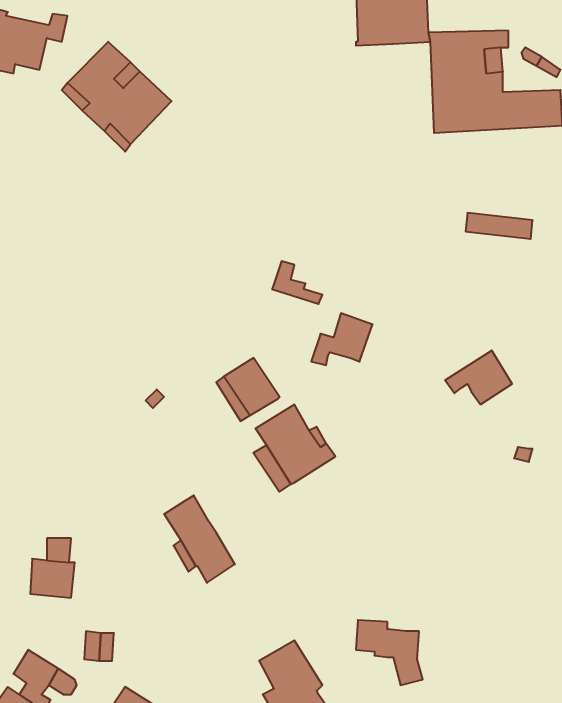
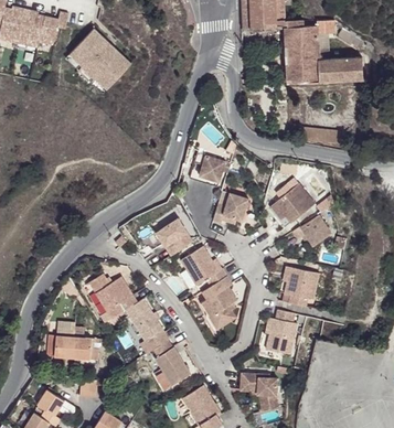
building: none -> [196,150,227,180]
building: none -> [271,182,316,226]
building: none -> [286,265,321,304]
building: none -> [92,274,139,318]
building: none -> [203,276,237,328]
building: none -> [269,308,300,352]
building: none -> [72,329,92,362]
building: none -> [151,340,191,390]

